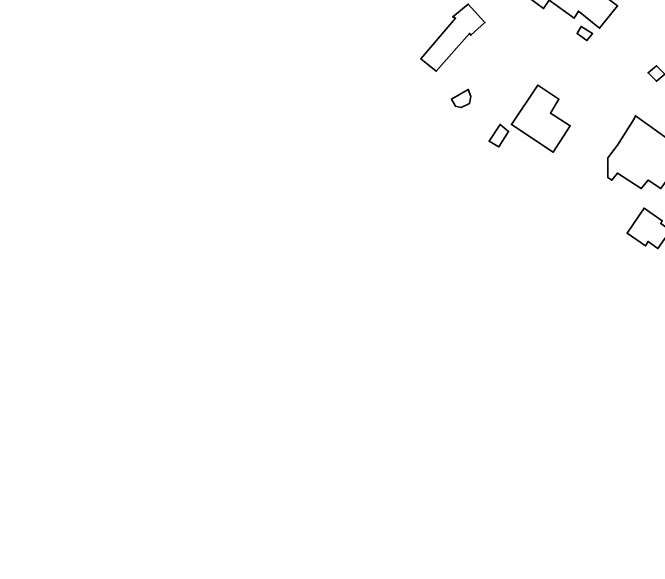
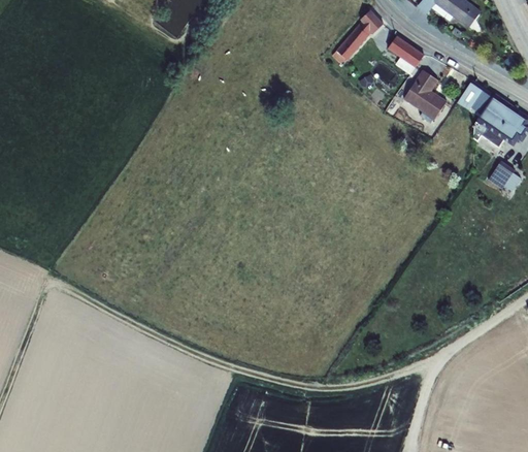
building: none -> [387,36,424,74]
building: none -> [457,79,494,115]

